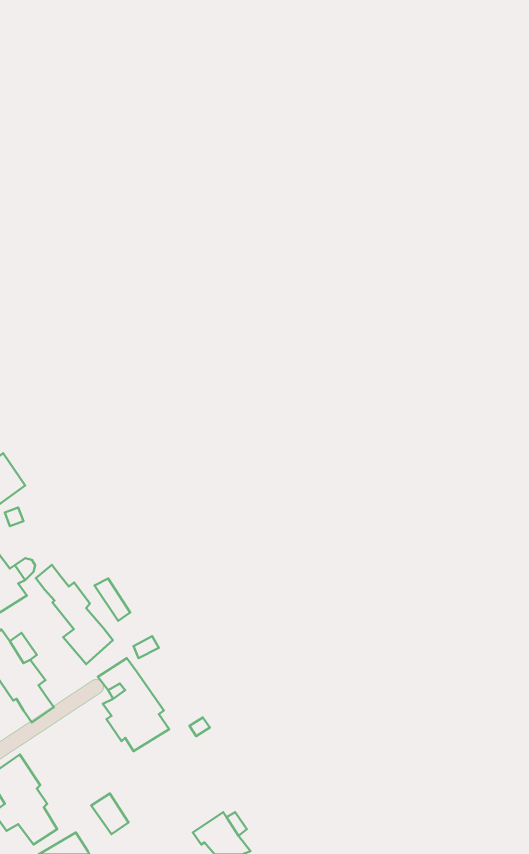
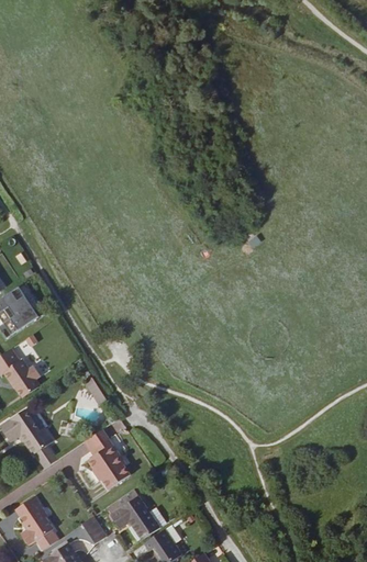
building: [36,565,113,664] -> none
building: none -> [108,487,162,538]

